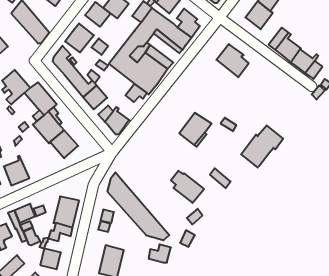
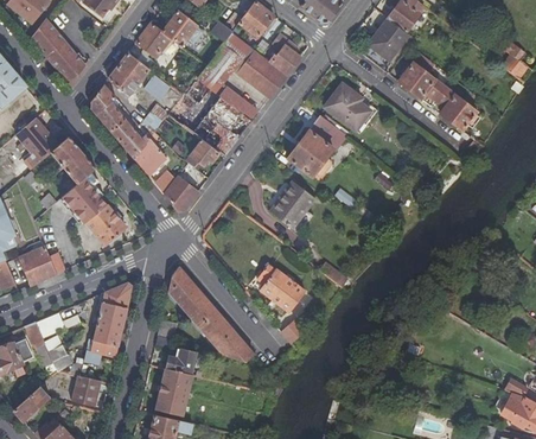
building: [241,125,283,168] -> [288,115,349,176]
building: none -> [101,281,134,306]
building: [149,244,171,263] -> [171,351,203,377]

